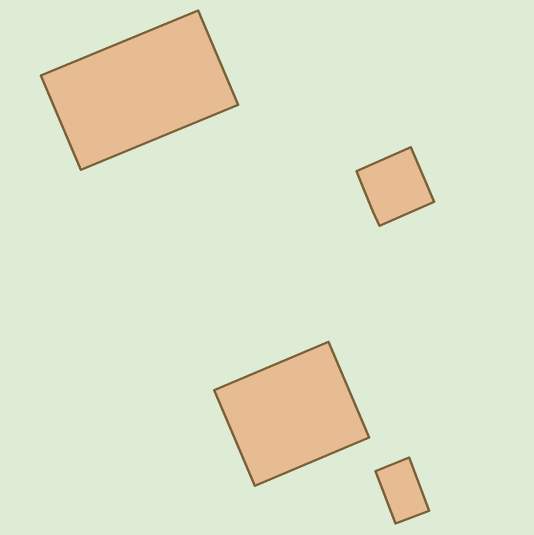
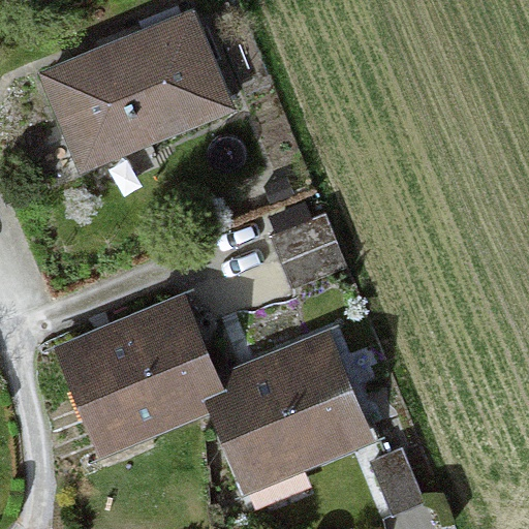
building: [356,147,434,226] -> [270,213,346,290]
building: none -> [65,303,216,443]

